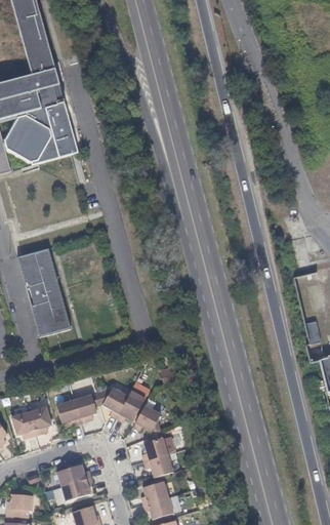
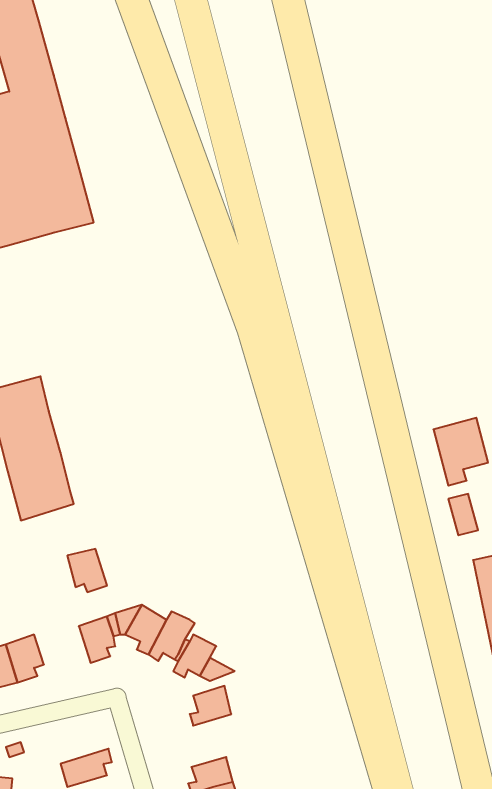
building: [56,400,81,427] -> [67,549,107,592]
building: [145,454,173,477] -> none
building: [58,462,92,485] -> none

